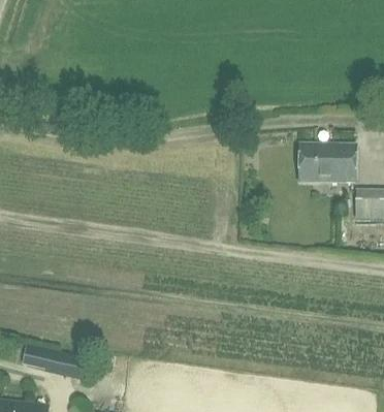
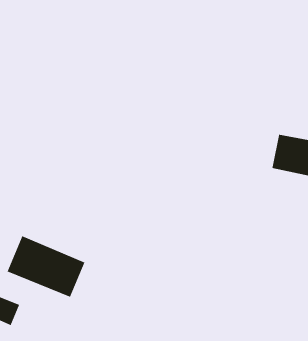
building: none -> [7,235,85,298]

